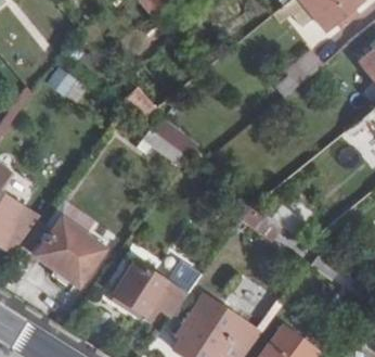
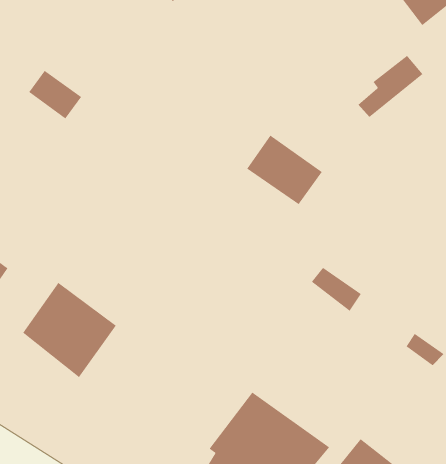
building: [138,114,193,165] -> [246,134,323,205]
building: [111,259,192,316] -> none

